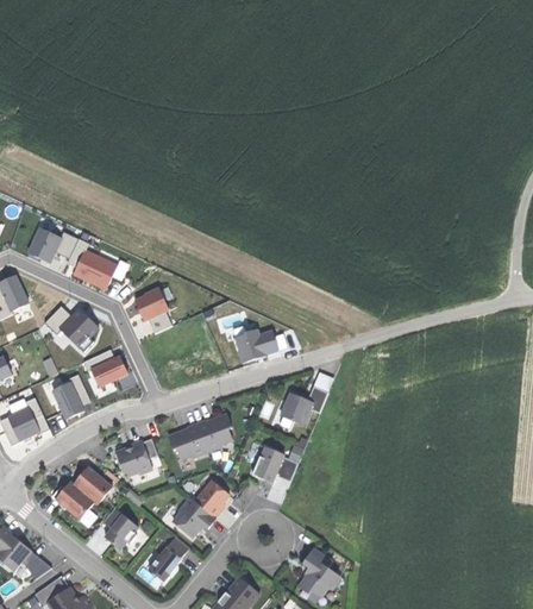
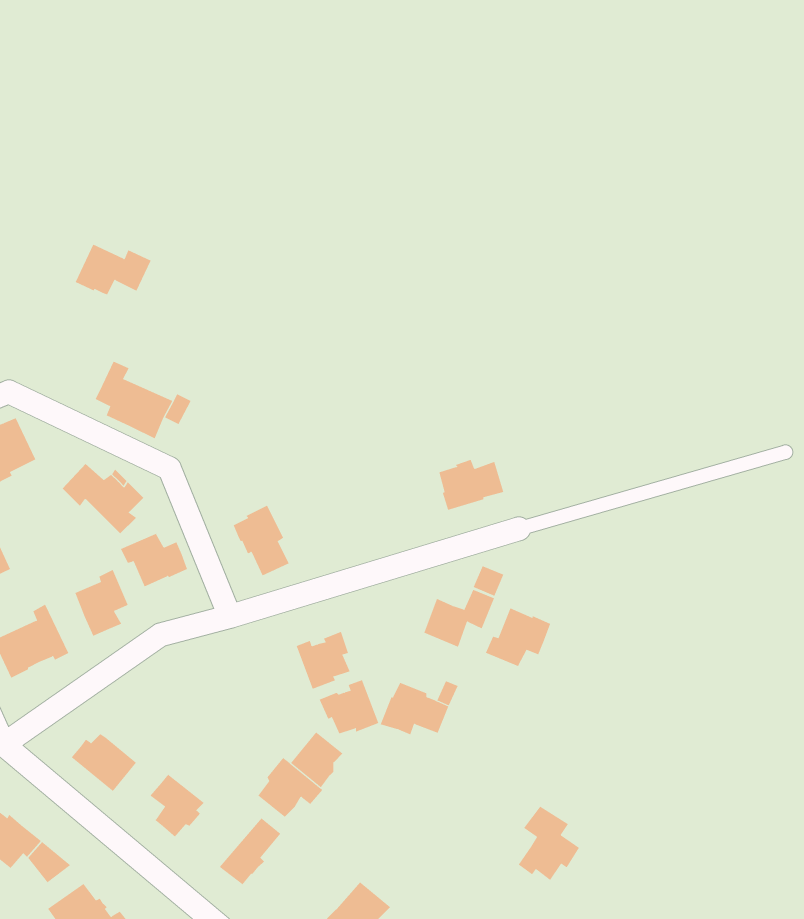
building: [29,227,79,260] -> [75,244,151,295]
building: [136,287,173,333] -> [233,505,289,576]
building: [236,328,278,362] -> [438,459,504,510]
building: none -> [485,608,551,669]
building: [169,423,208,459] -> [319,679,379,734]
building: [114,438,158,475] -> none
building: [74,465,112,503] -> none
building: [299,547,339,596] -> [518,806,580,881]

